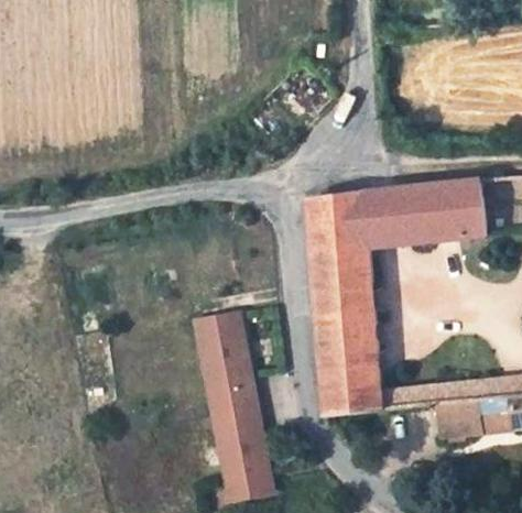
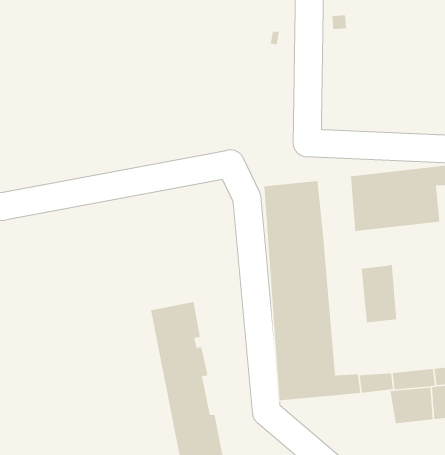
building: [362,188,399,248] -> [361,264,397,323]

